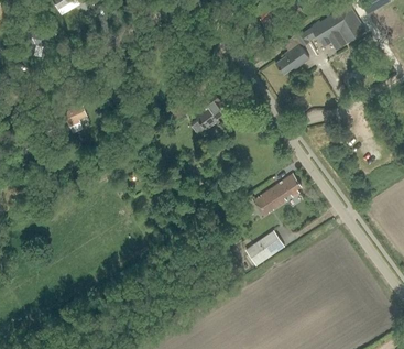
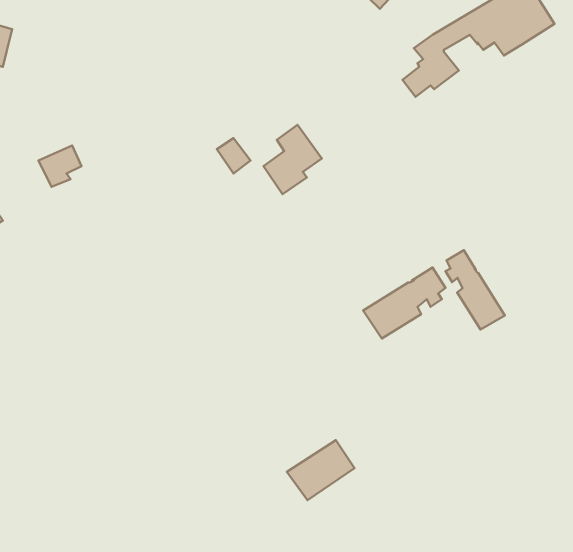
building: none -> [446,250,505,329]
building: [244,230,284,265] -> [287,440,354,500]

